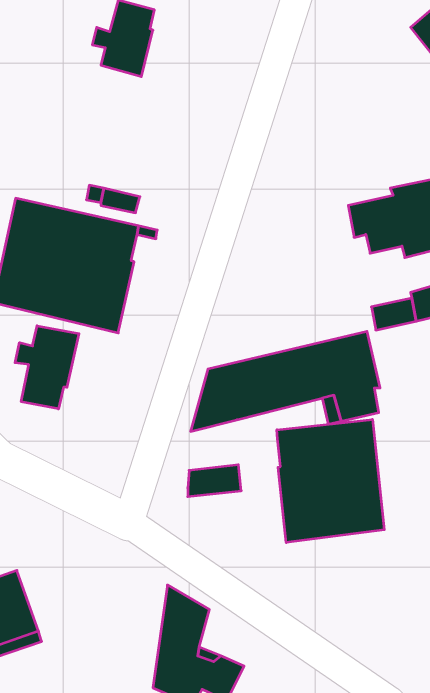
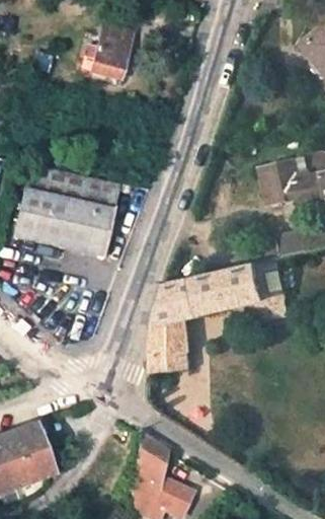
building: [15,326,79,409] -> none
building: [277,419,384,543] -> none
building: none -> [153,318,191,354]

